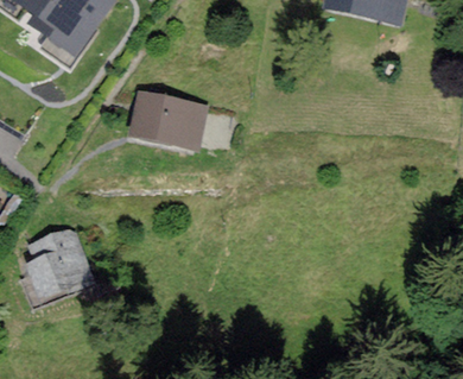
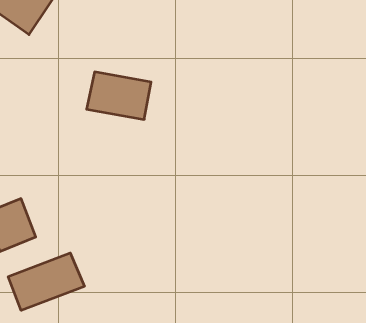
building: none -> [8,253,84,310]

